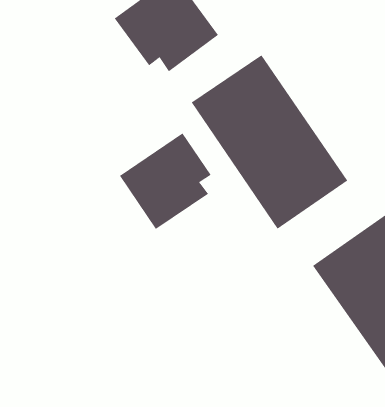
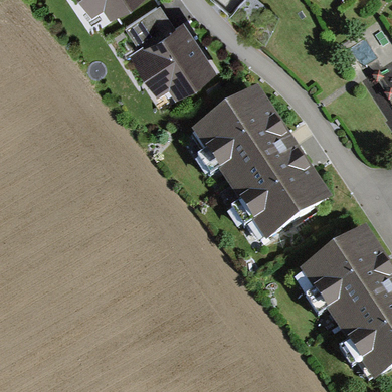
building: [119,132,212,230] -> none

